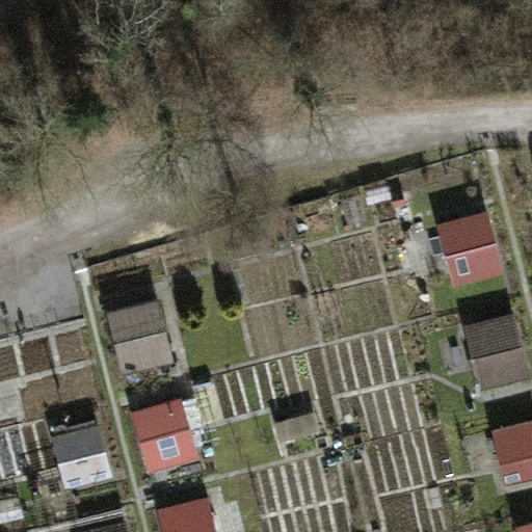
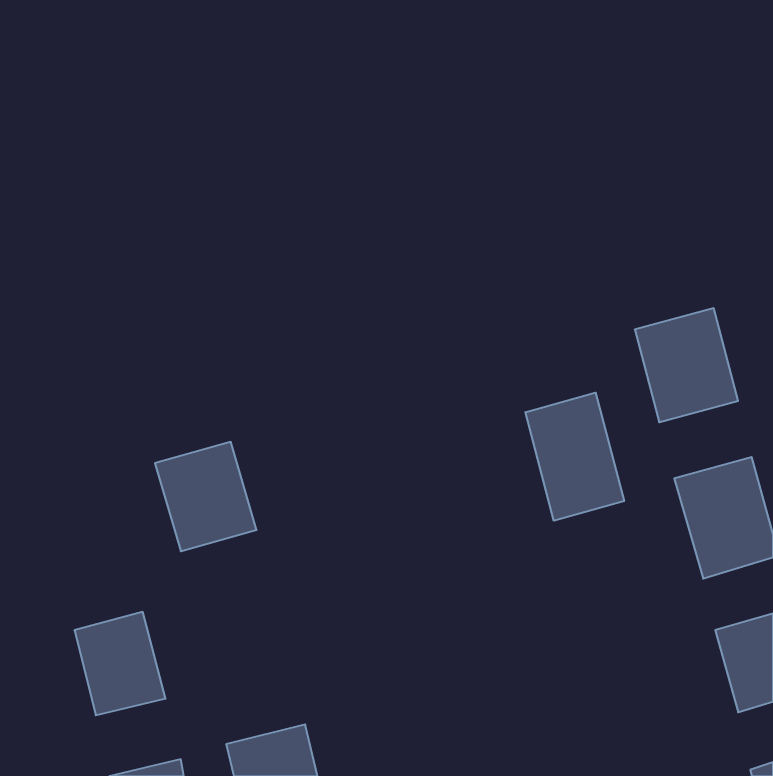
building: none -> [525,393,624,521]
building: [131,398,198,475] -> none

